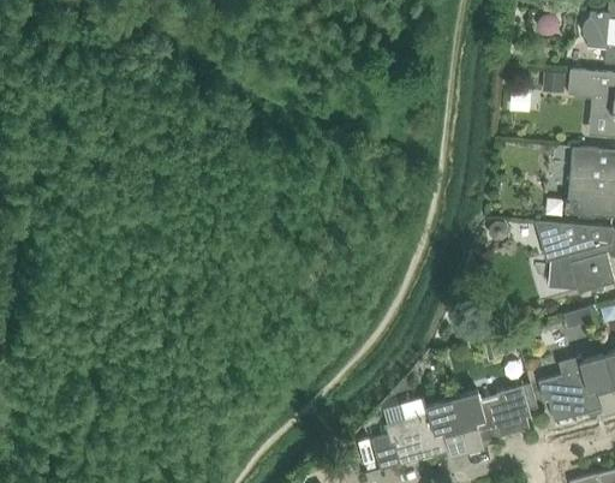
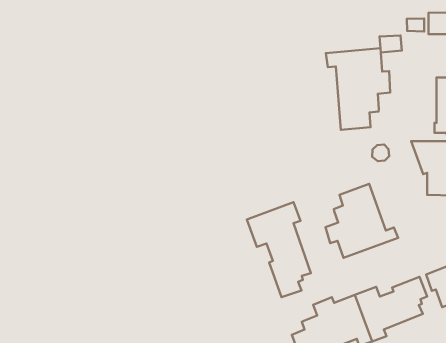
building: none -> [326,48,390,130]
building: none -> [325,184,398,258]
building: none -> [247,202,311,297]

